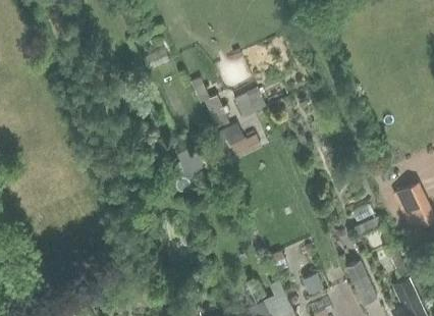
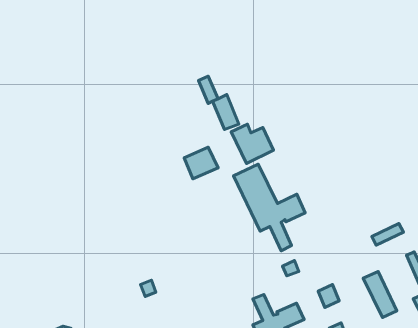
building: [235,89,267,118] -> none
building: none -> [234,164,305,251]

